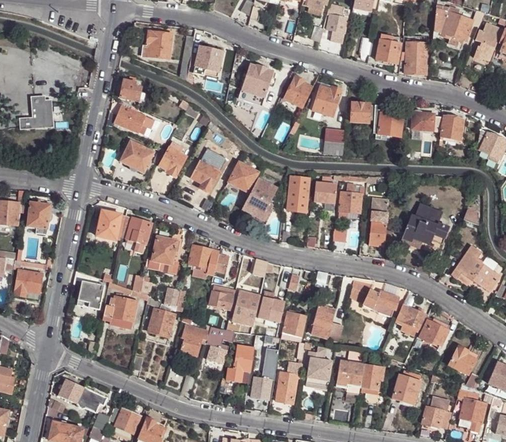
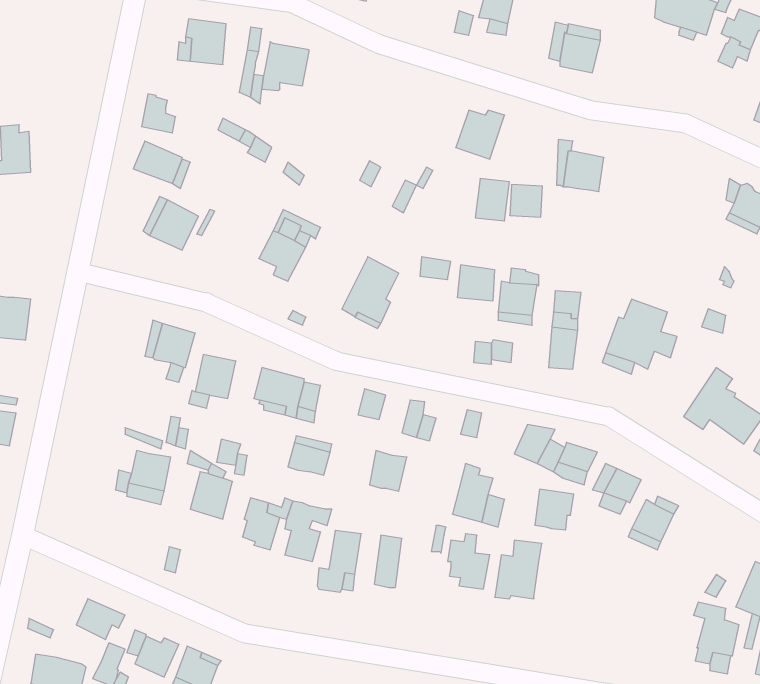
building: [405,43,426,75] -> none
building: [238,63,270,96] -> none
building: [284,76,312,107] -> none
building: [350,103,370,123] -> [510,185,542,217]
building: [411,111,434,131] -> none
building: [440,116,464,139] -> none
building: [159,147,186,178] -> none
building: [228,161,258,191] -> none
building: [287,189,307,212] -> none
building: [96,210,121,240] -> none
building: [78,280,105,310] -> none
building: [232,290,261,327] -> none
building: [282,313,307,337] -> none
building: [449,345,476,374] -> none
building: [277,361,303,403] -> none
building: [360,364,384,389] -> [535,489,574,530]
building: [393,375,421,405] -> none
building: [59,377,86,403] -> none
building: [251,377,271,400] -> none
building: [422,400,450,429] -> none

